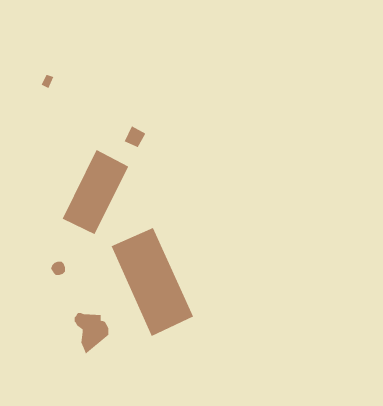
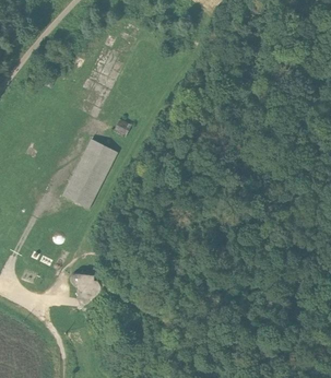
building: [111,227,194,337] -> none

